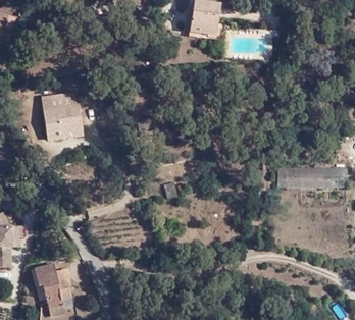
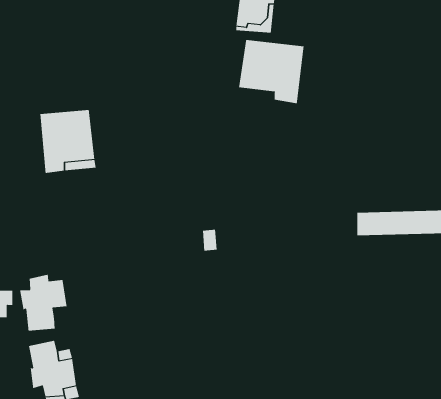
building: none -> [239,39,304,104]
building: none -> [20,274,67,332]

